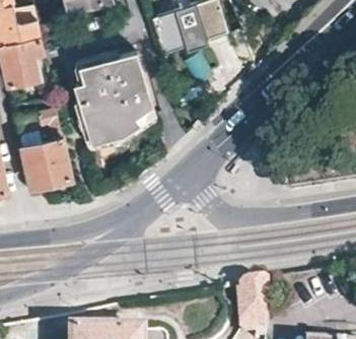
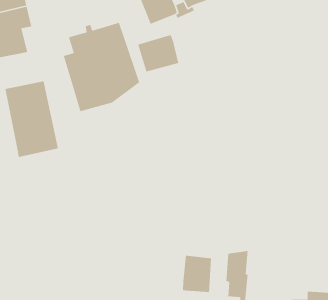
building: none -> [137,35,179,72]
building: none -> [182,255,212,293]

